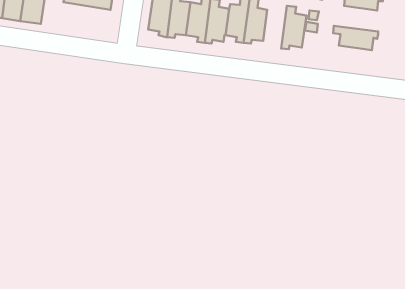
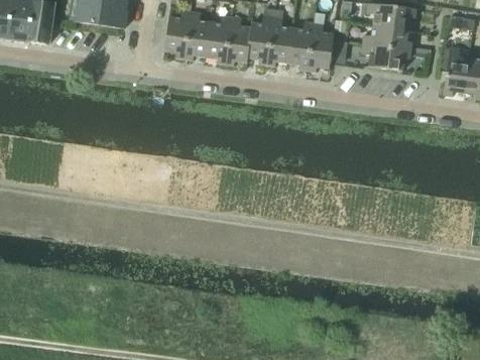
building: none -> [286,22,312,70]
building: none -> [362,24,411,51]

